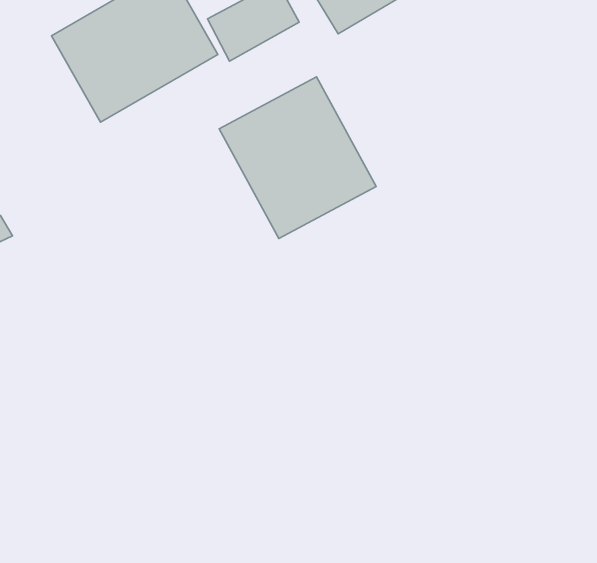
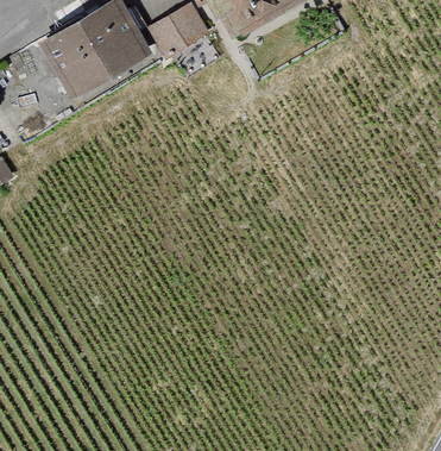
building: [219,77,376,239] -> none

